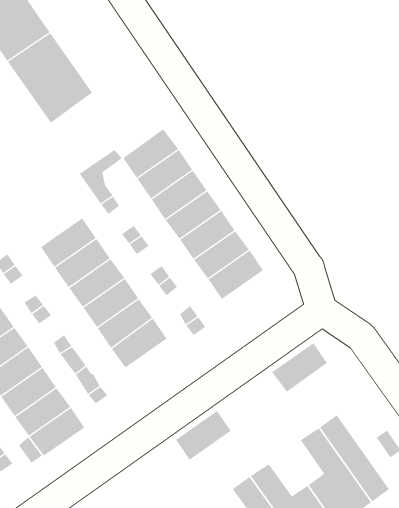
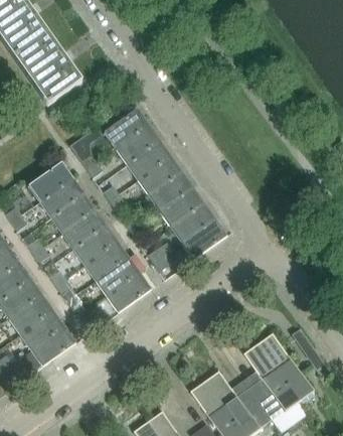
building: none -> [29,162,73,201]
building: [271,342,328,393] -> [182,220,226,259]
building: [175,410,232,460] -> [107,273,151,312]

